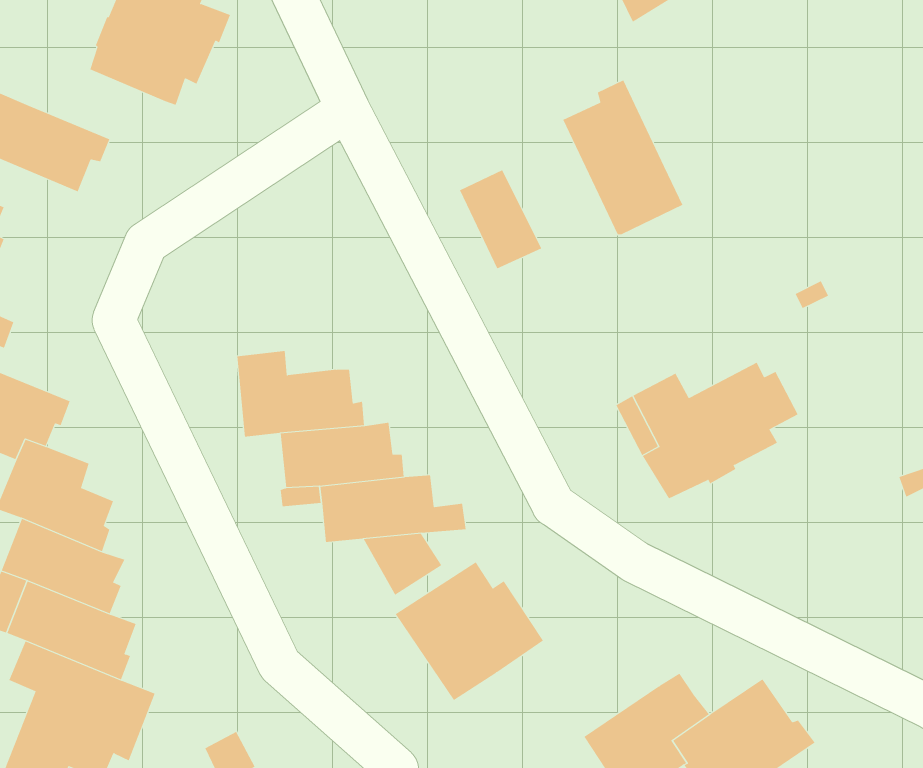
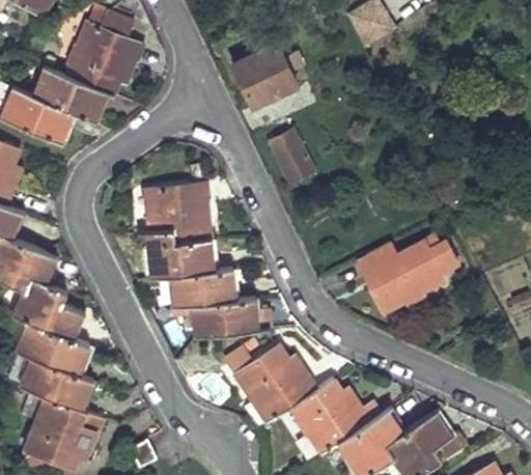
building: none -> [233,43,297,106]
building: none -> [33,66,108,119]
building: [563,80,683,235] -> none
building: none -> [145,183,208,243]
building: none -> [290,379,380,453]

